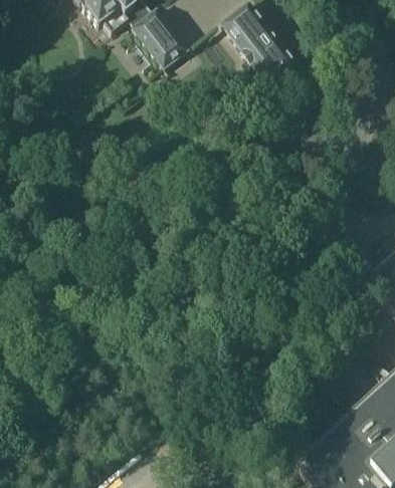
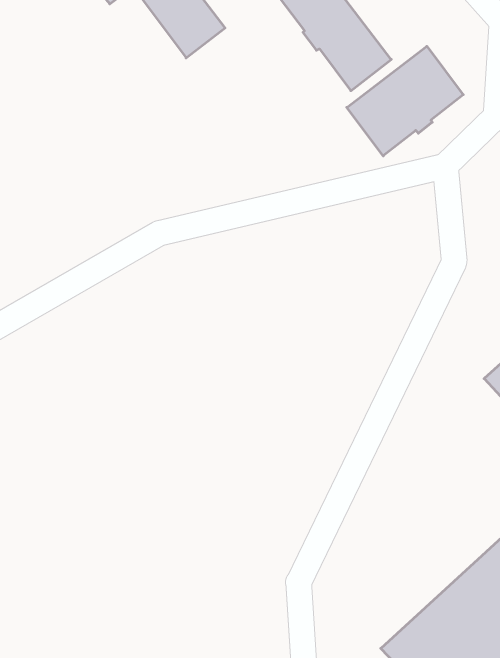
building: none -> [347,46,463,156]

